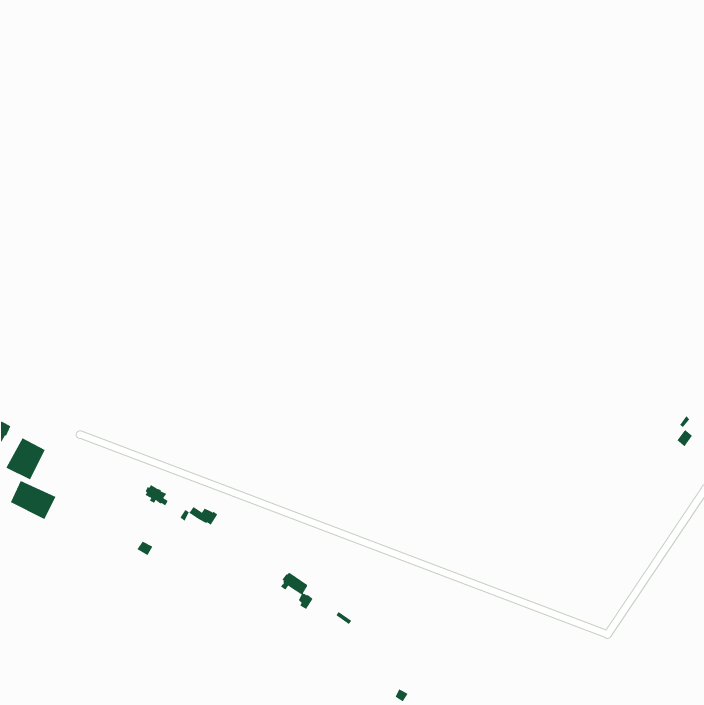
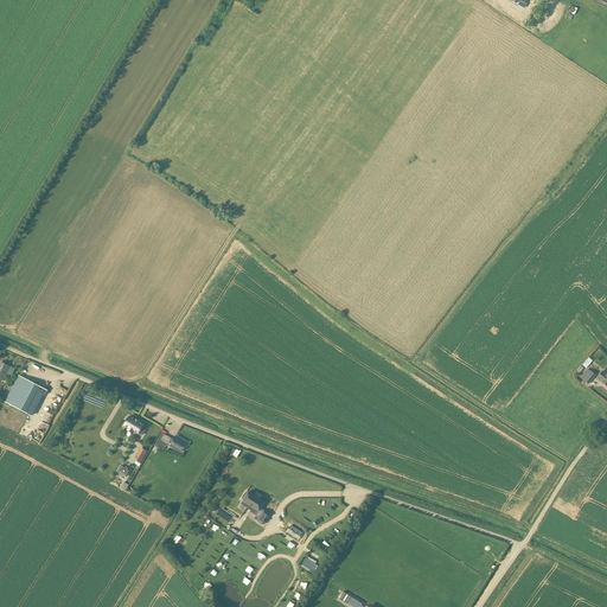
building: [10,480,56,520] -> none

